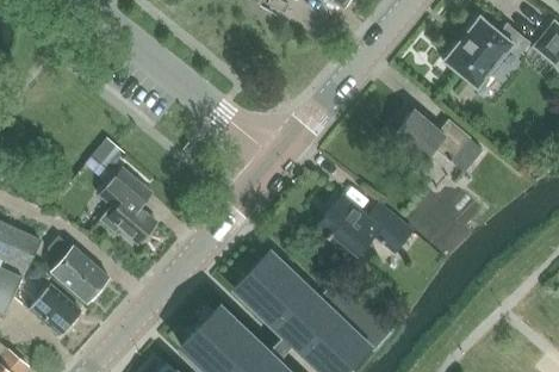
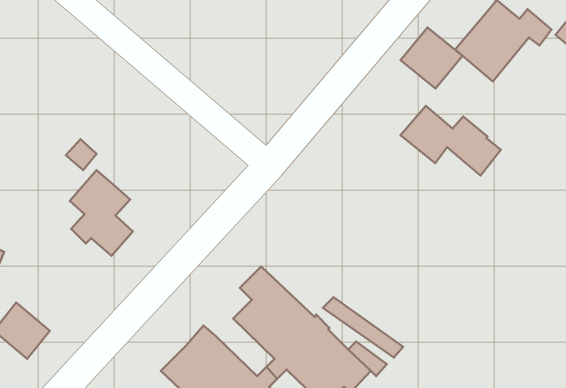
building: none -> [400,27,463,88]
building: [315,194,414,260] -> none
building: [48,240,110,303] -> none

